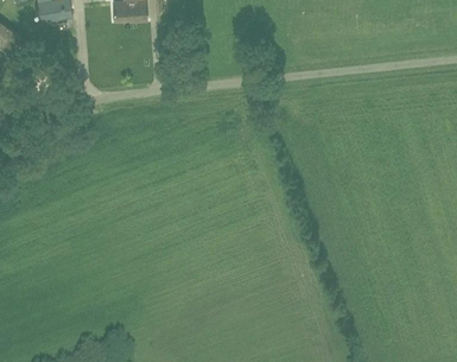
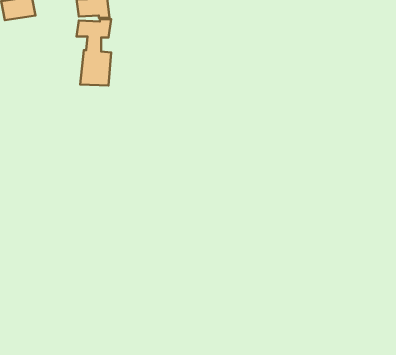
building: none -> [76,19,111,86]

